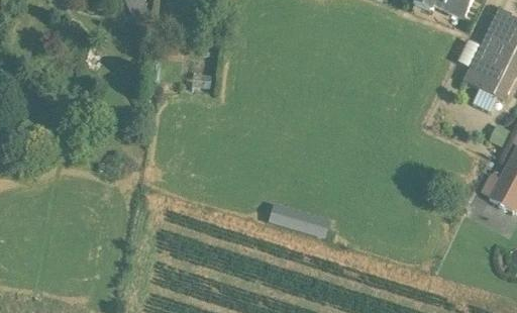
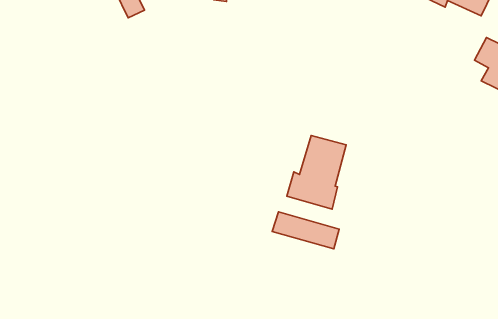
building: none -> [287,136,346,209]

